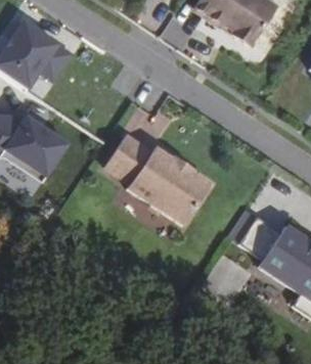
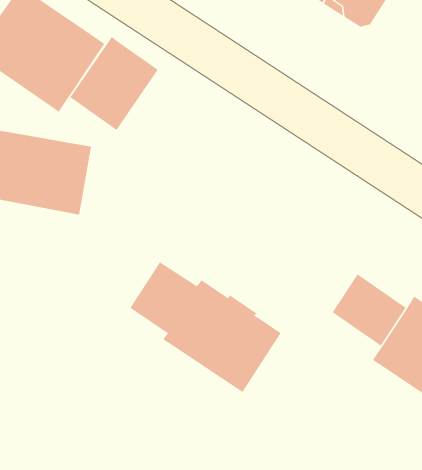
building: none -> [69,36,159,131]
building: [107,137,212,227] -> [130,262,282,393]

